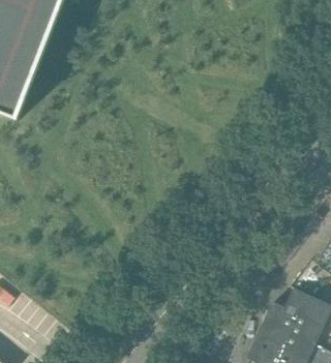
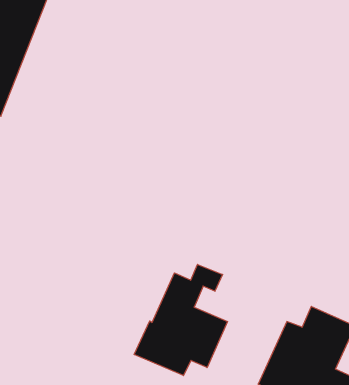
building: none -> [134,264,228,376]

